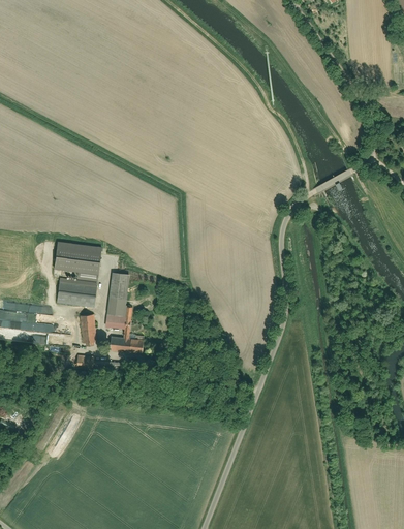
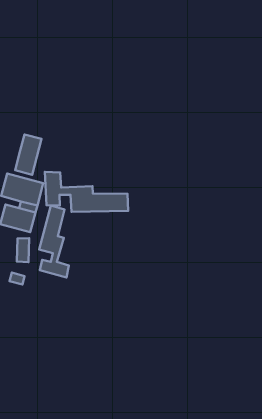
building: none -> [15,134,42,175]
building: none -> [45,172,128,212]

